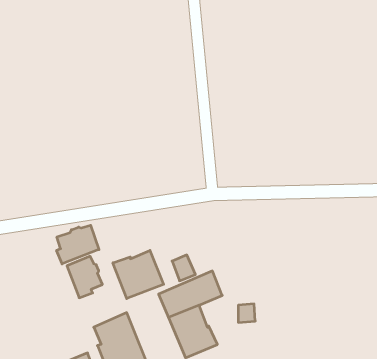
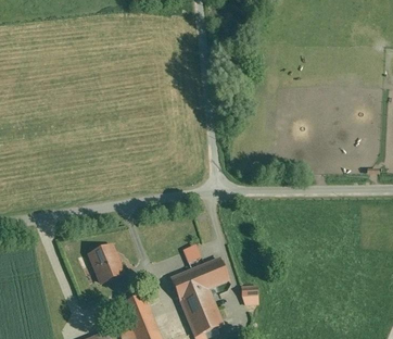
building: [57,225,99,264] -> none
building: [113,250,164,299] -> none

